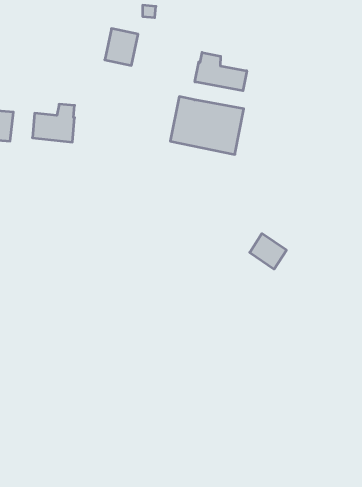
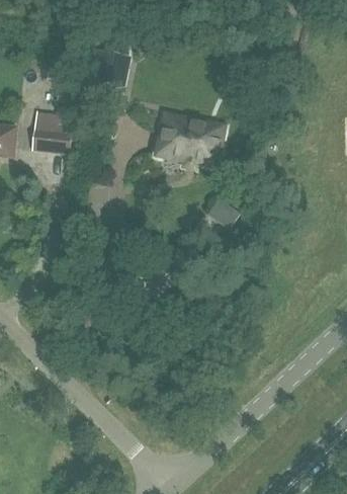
building: [195,52,247,91] -> none
building: [250,234,286,269] -> [206,194,240,227]

